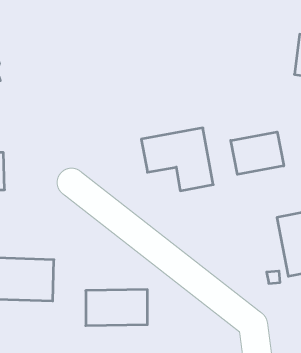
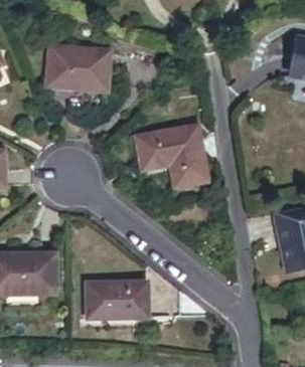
building: none -> [52,47,112,93]
building: [231,132,284,174] -> none

